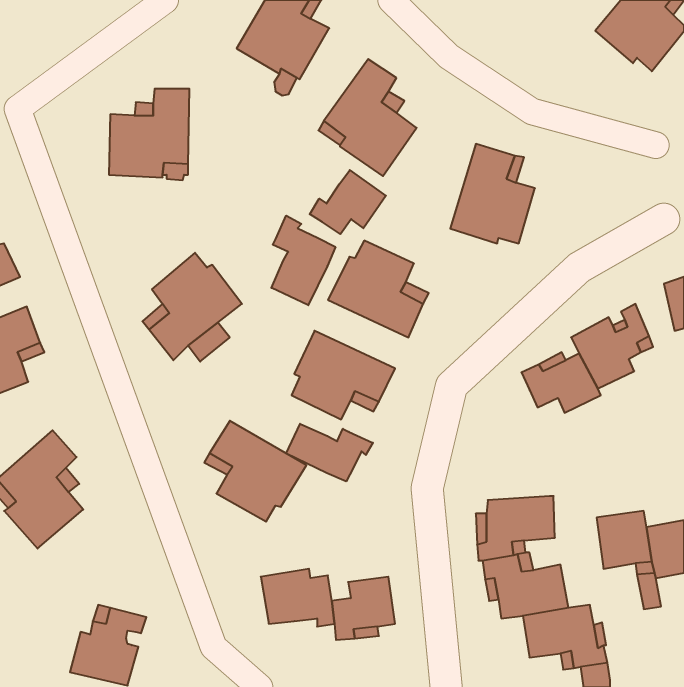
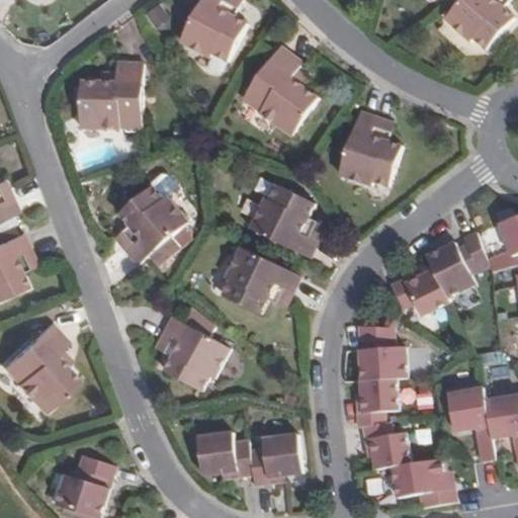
building: [310,170,386,234] -> none
building: [271,216,335,305] -> none
building: [286,424,373,481] -> none
building: none -> [364,322,414,376]

